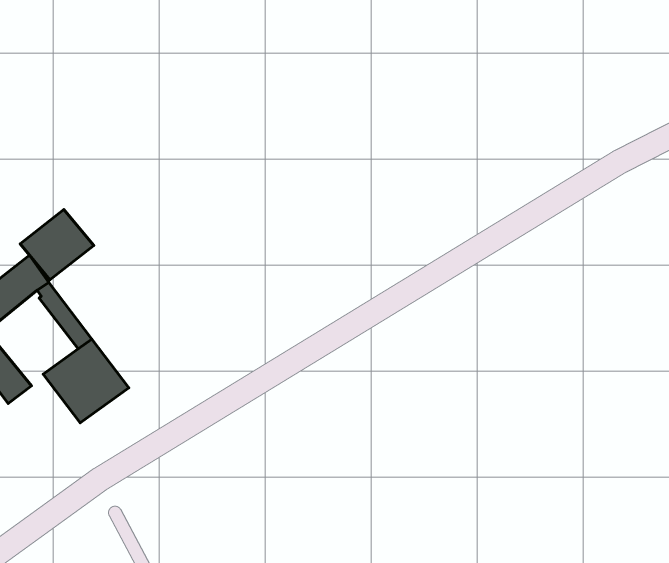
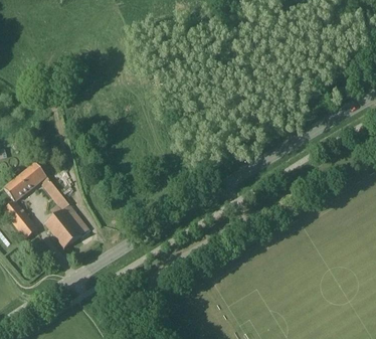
building: [20,210,94,280] -> none

